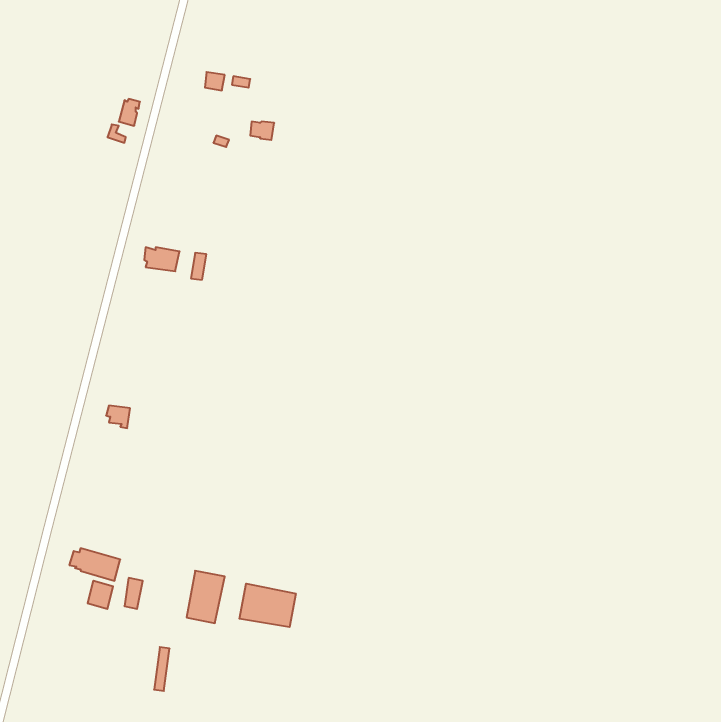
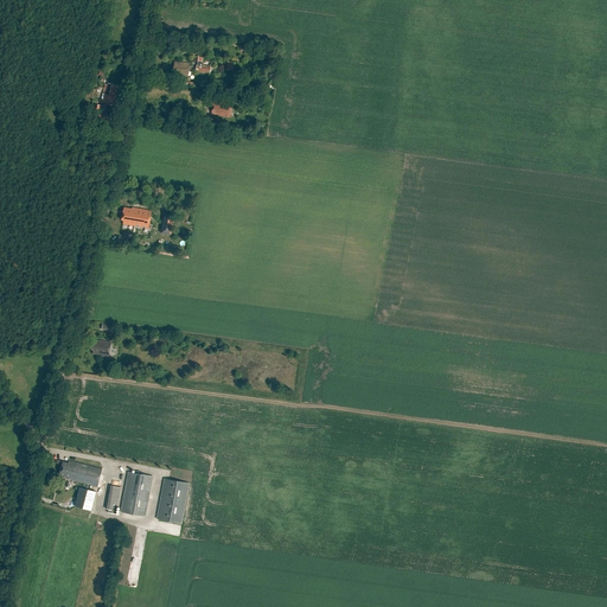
building: none -> [120,472,152,517]
building: [239,584,296,627] -> none

